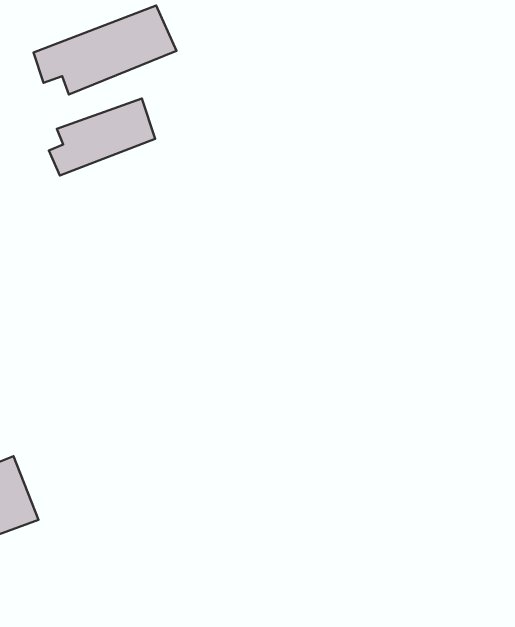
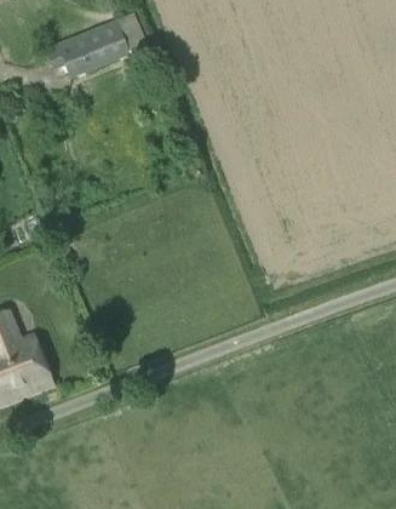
building: [49,98,155,175] -> none

